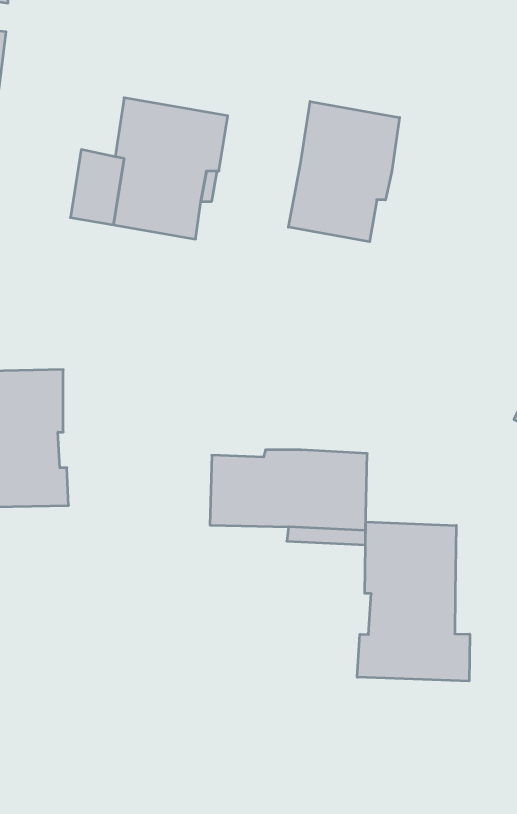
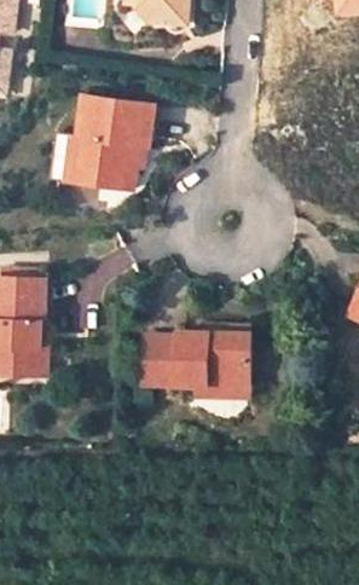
building: [288,101,400,242] -> none
building: [357,522,470,681] -> none

